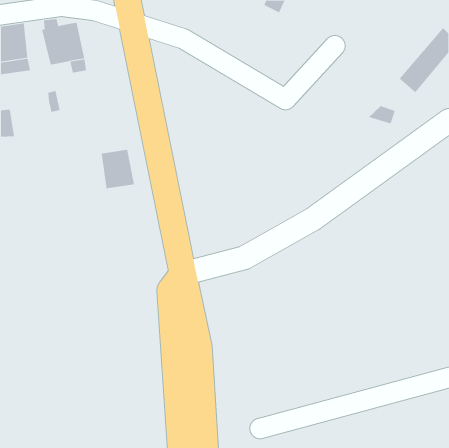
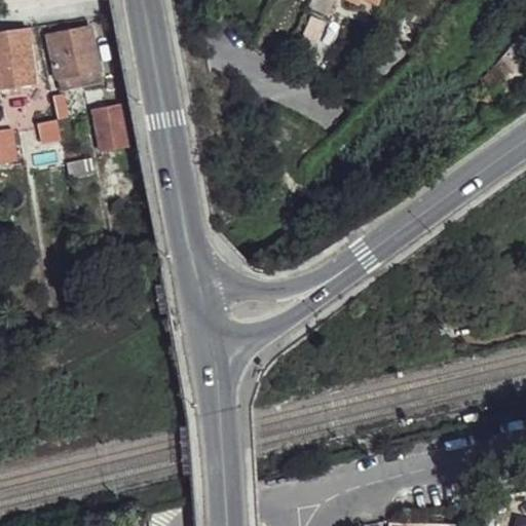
building: [101,149,135,189] -> [89,103,129,149]

